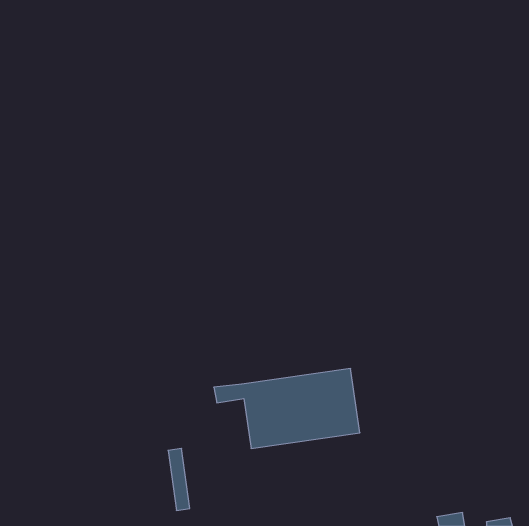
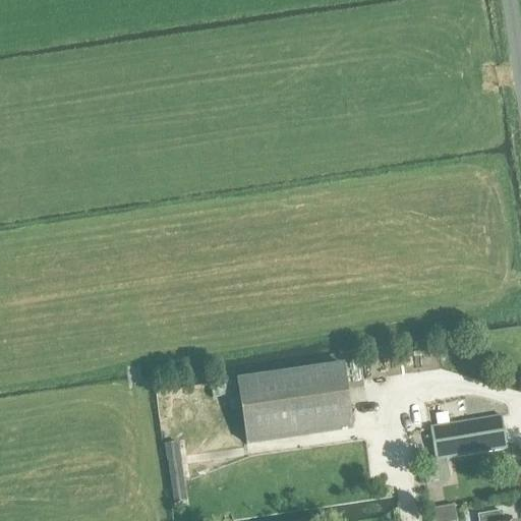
building: none -> [424,414,508,480]

